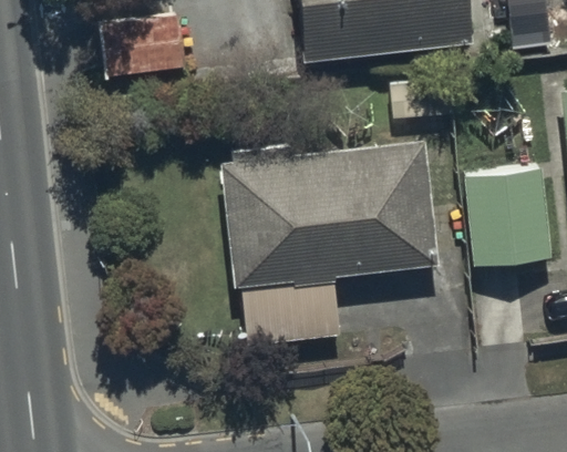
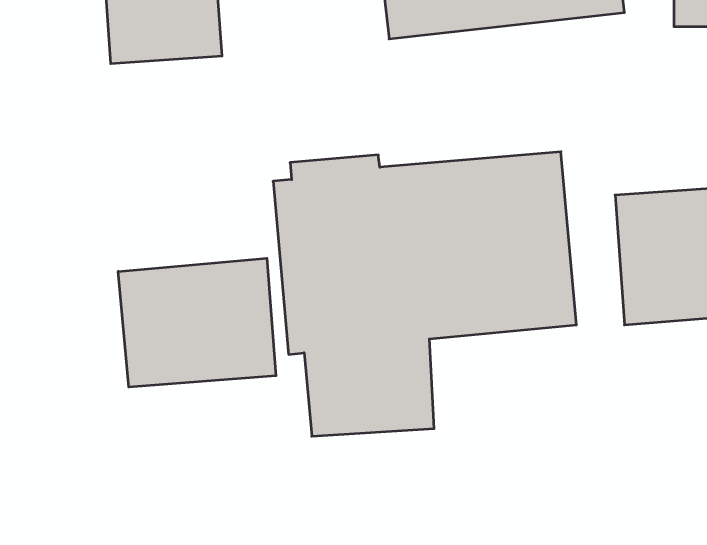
building: none -> [118,258,276,387]

